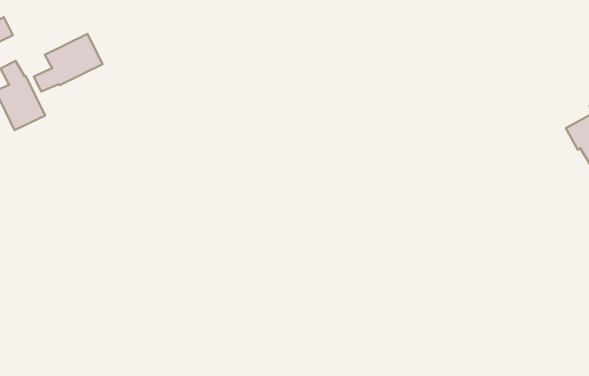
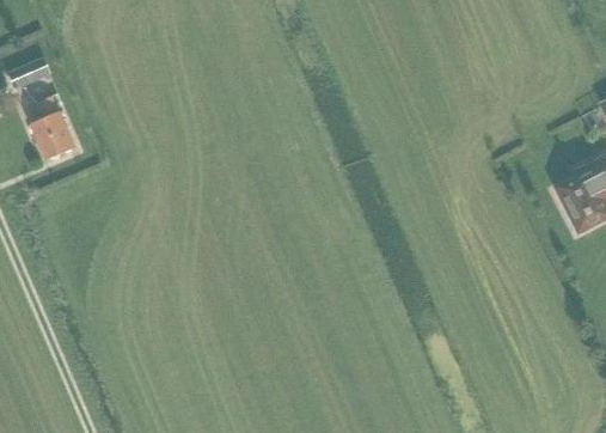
building: [34,34,102,92] -> none

